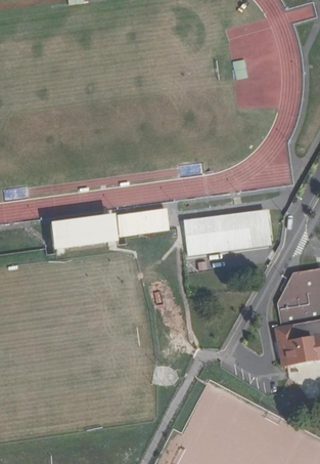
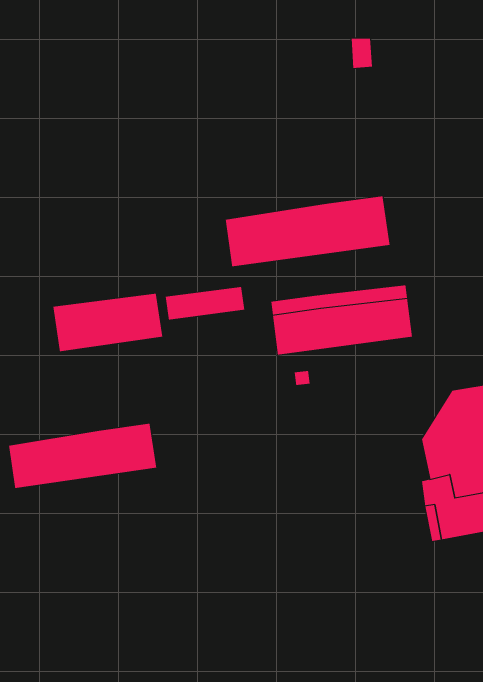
building: none -> [225,196,390,267]
building: none -> [8,423,157,489]

